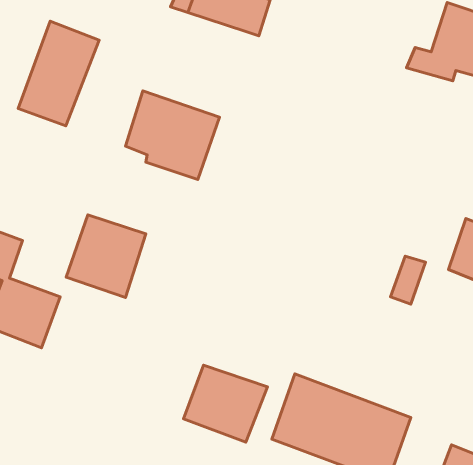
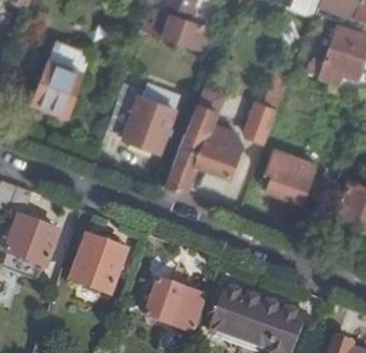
building: none -> [164,84,242,191]
building: none -> [243,98,277,138]
building: none -> [263,146,315,201]
building: [66,215,146,298] -> [74,238,130,296]

